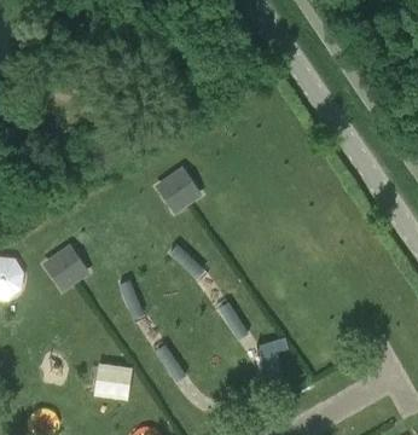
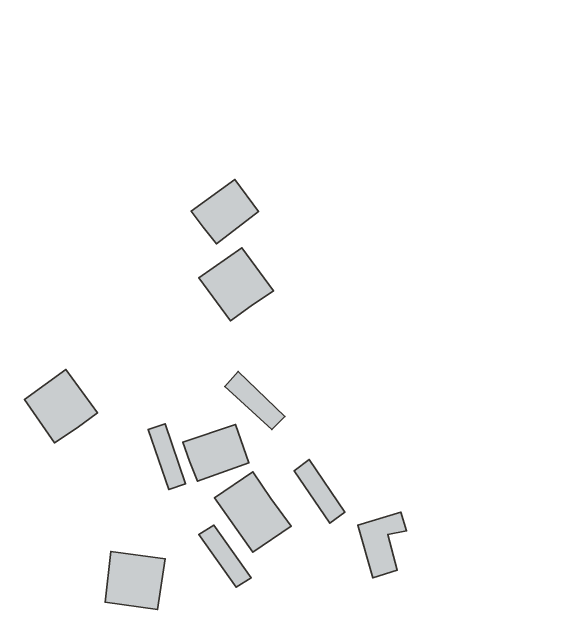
building: none -> [191,179,259,244]
building: none -> [183,424,249,481]
building: none -> [214,472,291,552]

